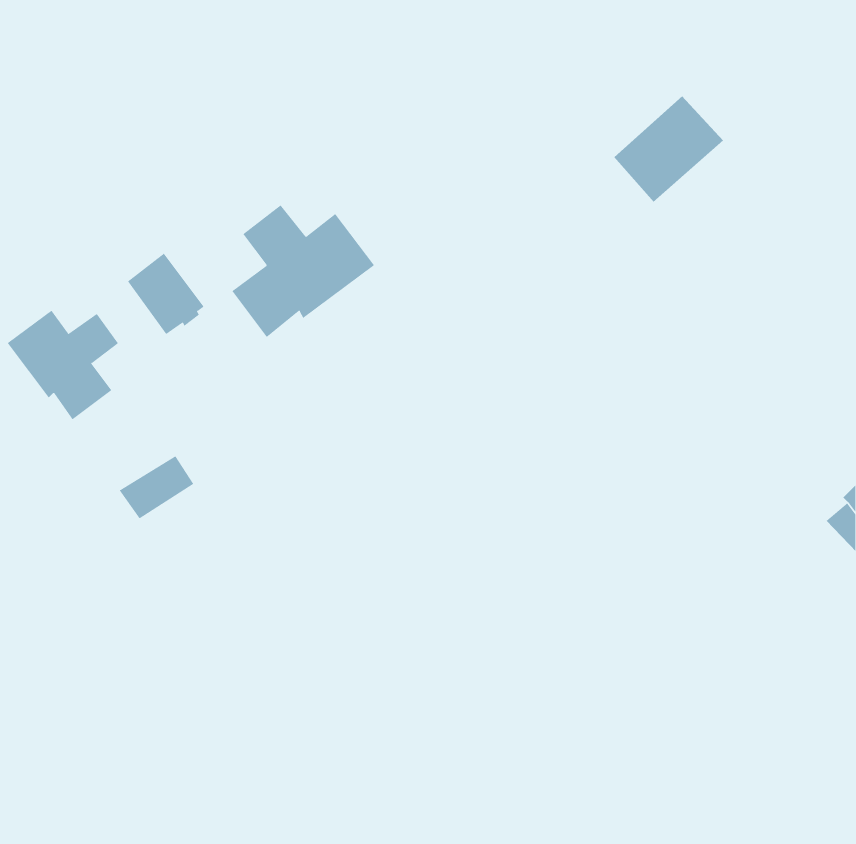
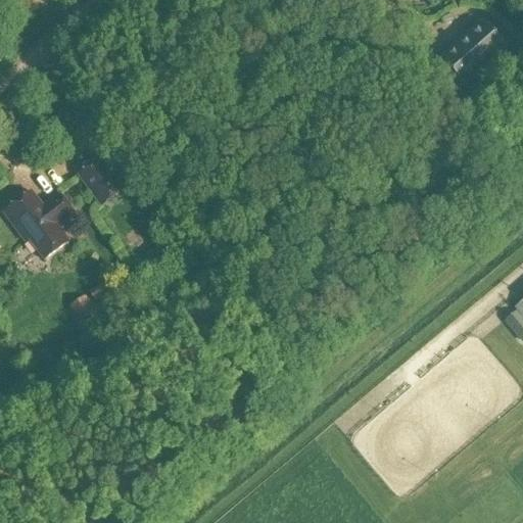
building: [613,95,724,203] -> [439,17,507,83]
building: [232,204,375,338] -> none

